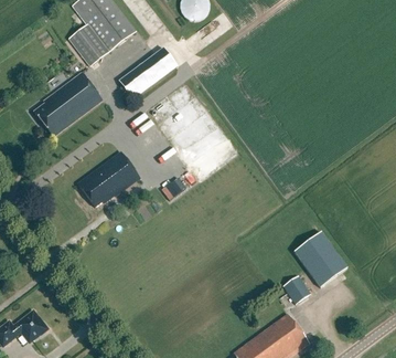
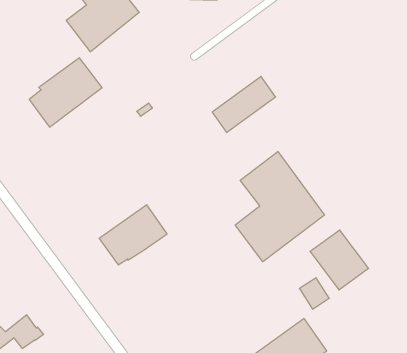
building: [119,49,178,101] -> [212,76,276,133]
building: [76,152,139,208] -> [99,205,167,265]
building: none -> [235,151,324,262]

